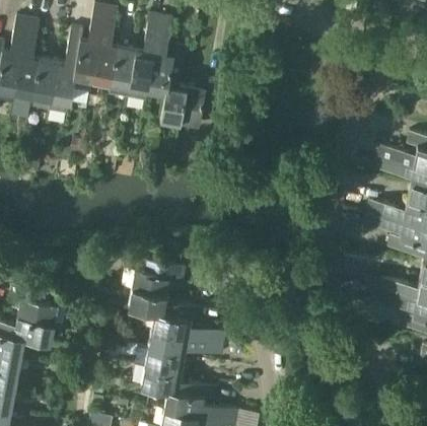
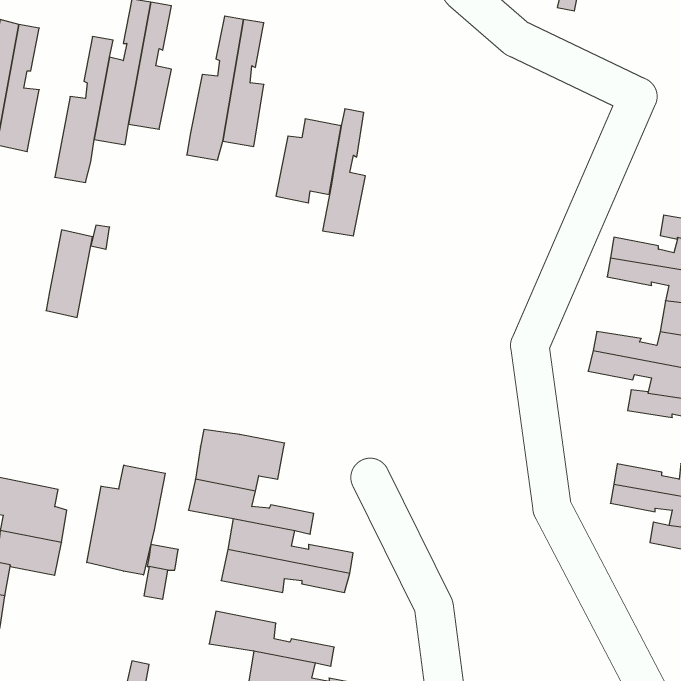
building: [112,47,137,85] -> none
building: [162,47,188,122] -> [323,109,365,236]
building: [31,59,59,111] -> [46,230,92,317]
building: none -> [87,465,165,575]
building: [145,349,185,374] -> none

